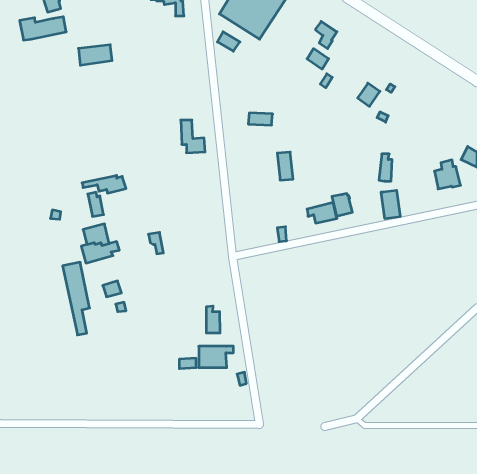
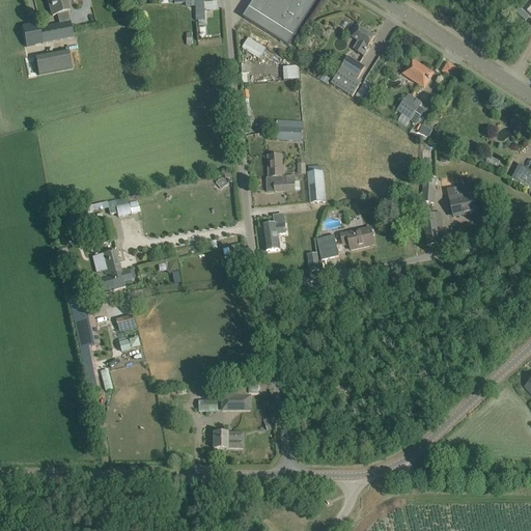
building: [78,45,112,65] -> [34,49,72,72]
building: none -> [403,58,432,85]
building: none -> [331,67,361,95]
building: [181,120,205,153] -> [269,153,296,190]
building: [434,160,461,189] -> [450,181,479,214]
building: [332,194,352,216] -> [316,233,339,258]
building: none -> [262,222,285,249]
building: [206,306,220,333] -> none
building: none -> [214,430,246,446]

